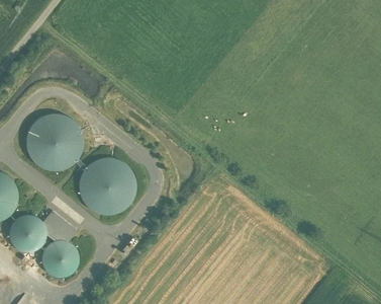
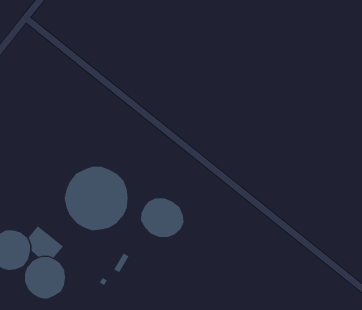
building: [24,112,83,171] -> none
building: none -> [140,198,184,238]

